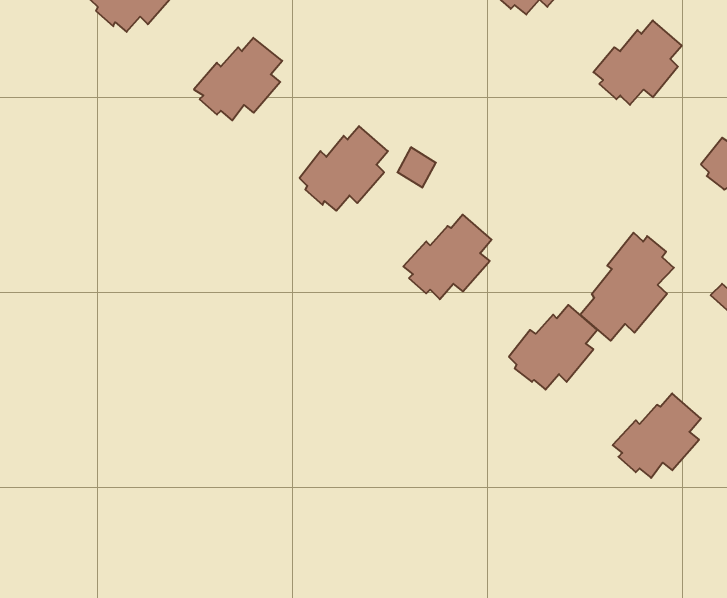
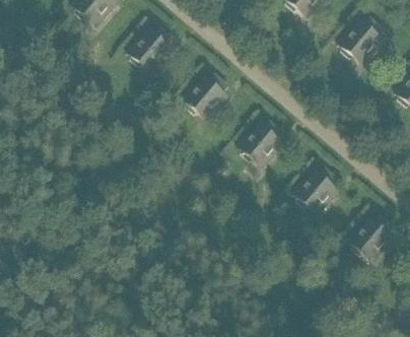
building: [580,233,674,341] -> none

